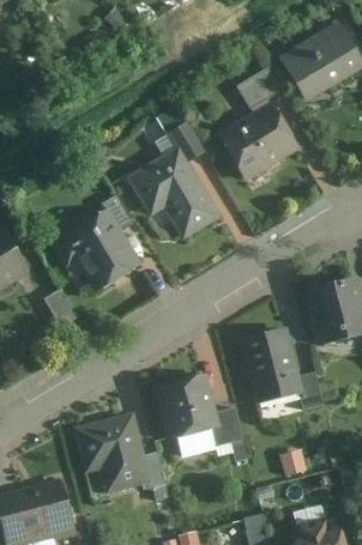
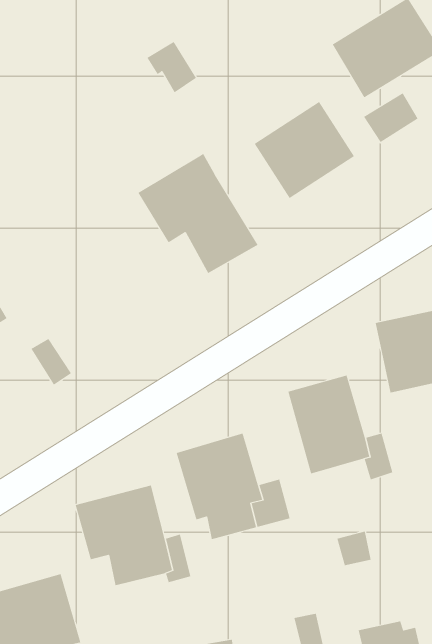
building: [233,73,276,113] -> [363,92,418,143]
building: [162,127,201,168] -> [147,41,197,93]
building: [44,211,138,299] -> none

